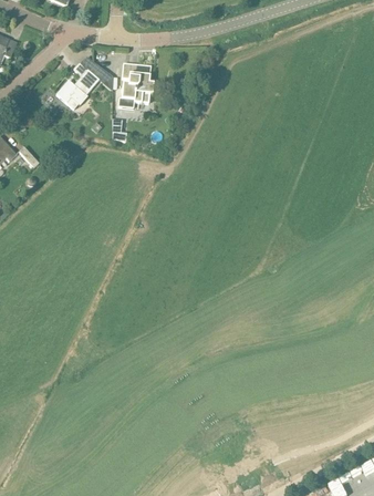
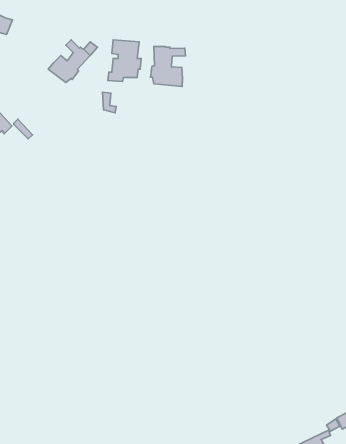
building: none -> [151,46,185,86]

